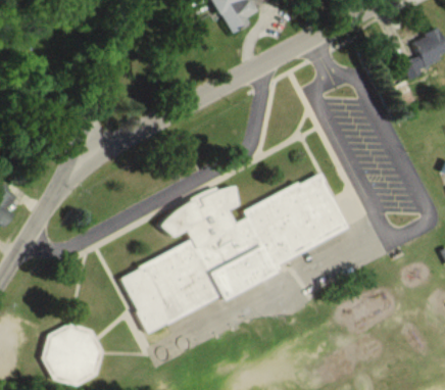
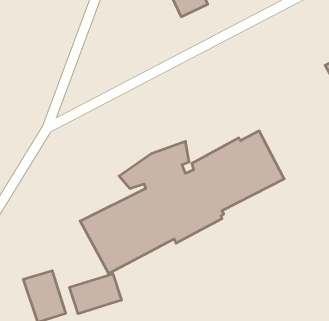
building: none -> [70,274,121,314]

